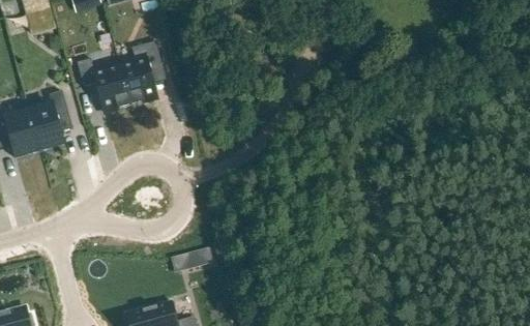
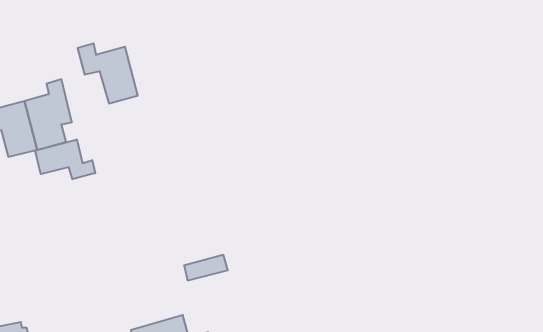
building: [118,39,161,103] -> none
building: none -> [35,139,95,179]

